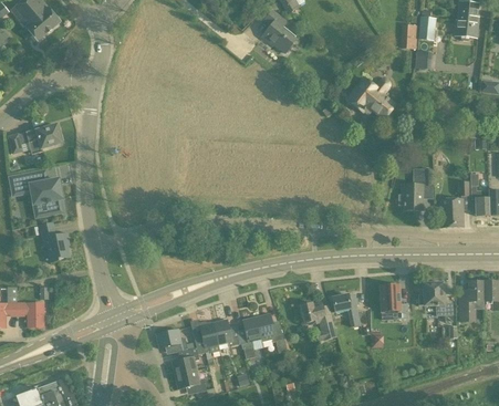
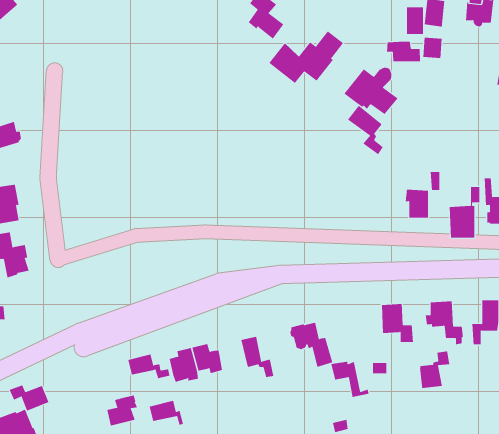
building: none -> [269,30,344,84]
building: none -> [387,41,421,62]
building: none -> [347,105,384,155]
building: [332,294,366,326] -> [331,361,370,398]
building: [238,316,261,358] -> none
building: none -> [420,350,450,389]
building: [171,347,199,375] -> [107,395,138,426]
building: none -> [9,384,49,412]

